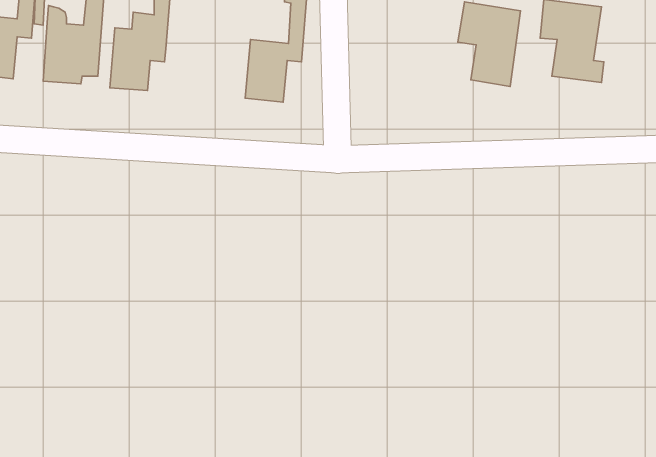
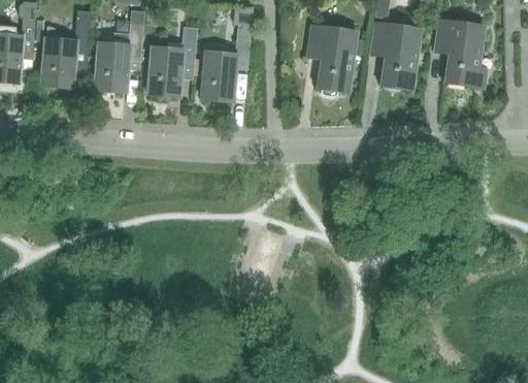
building: none -> [306,25,364,96]
building: none -> [147,26,195,96]

